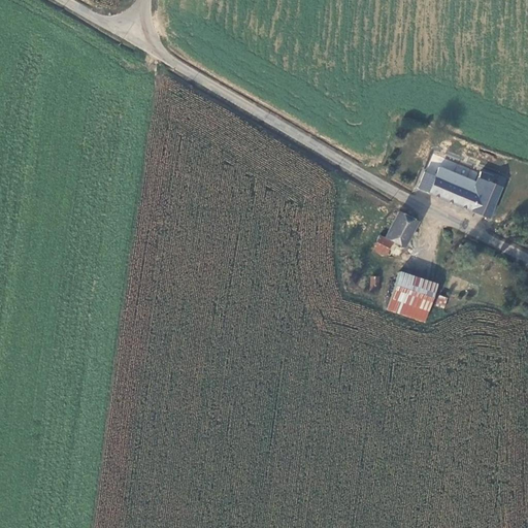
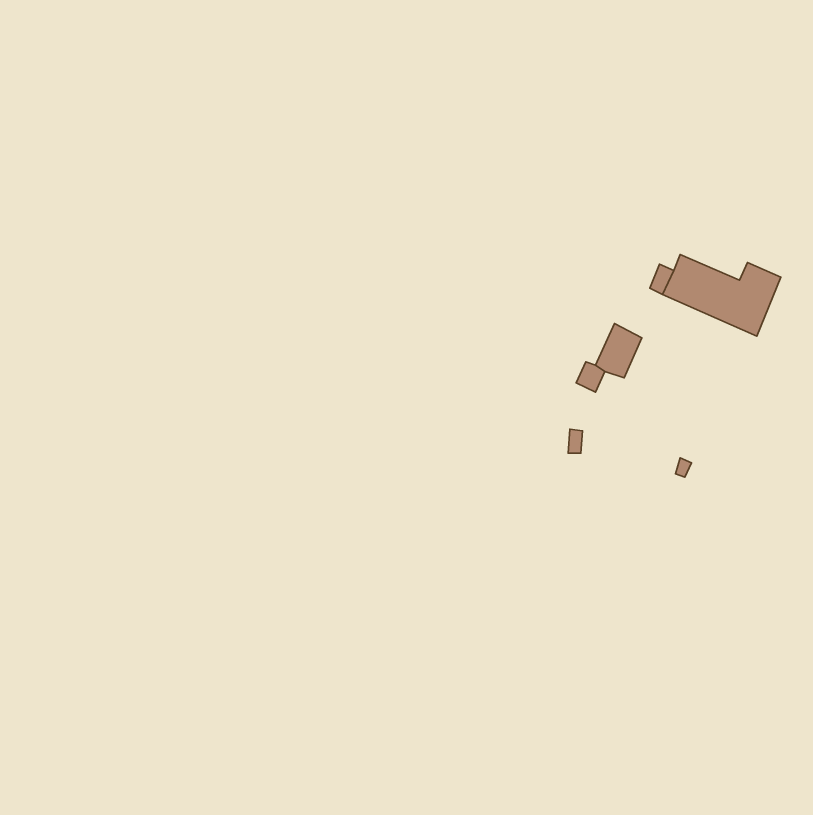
building: [389,270,437,321] -> none

